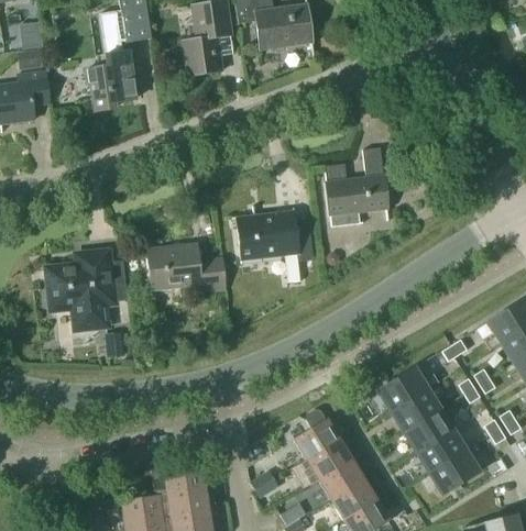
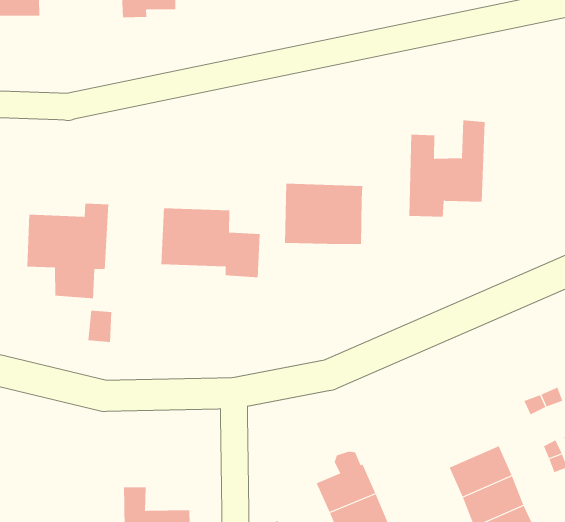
building: [377,366,427,410] -> none

